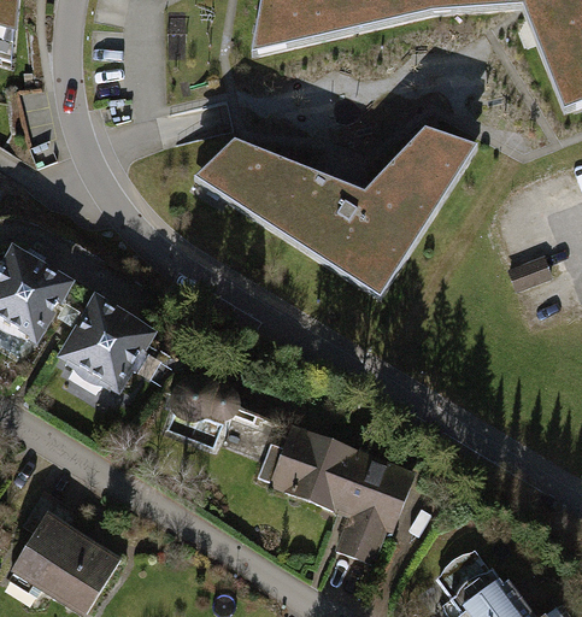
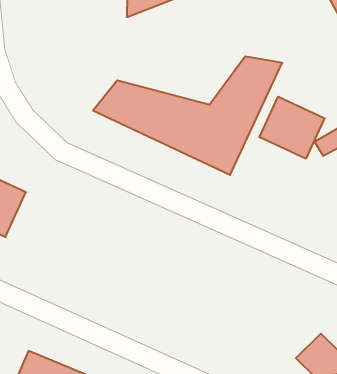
building: none -> [259,97,325,159]
building: [54,289,160,394] -> none
building: [265,419,418,568] -> none

